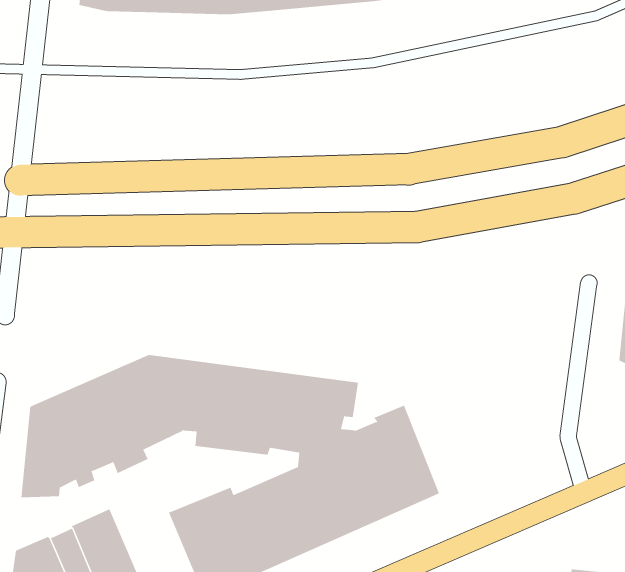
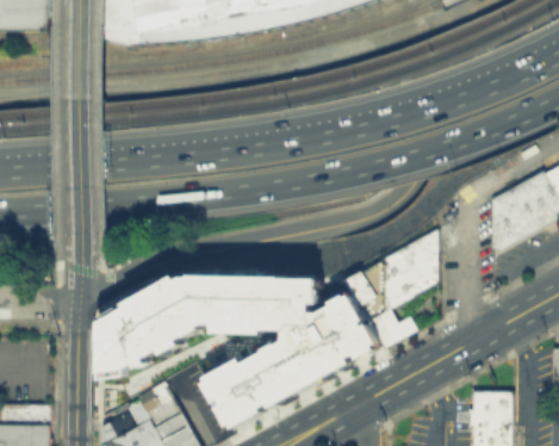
building: none -> [344,228,436,348]

